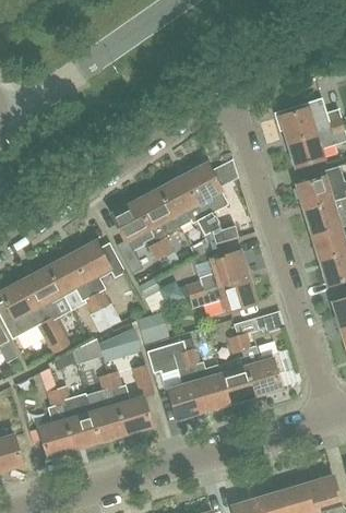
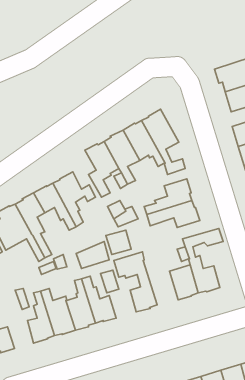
building: [184,348,228,407] -> none

